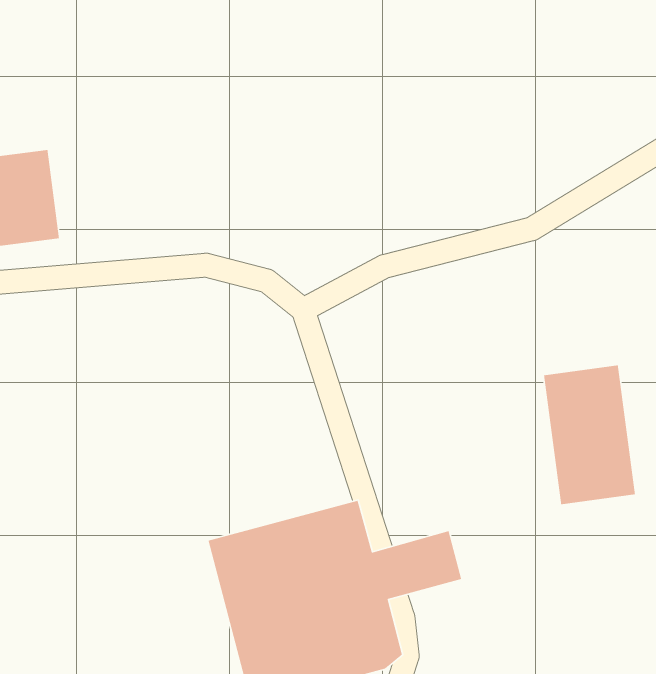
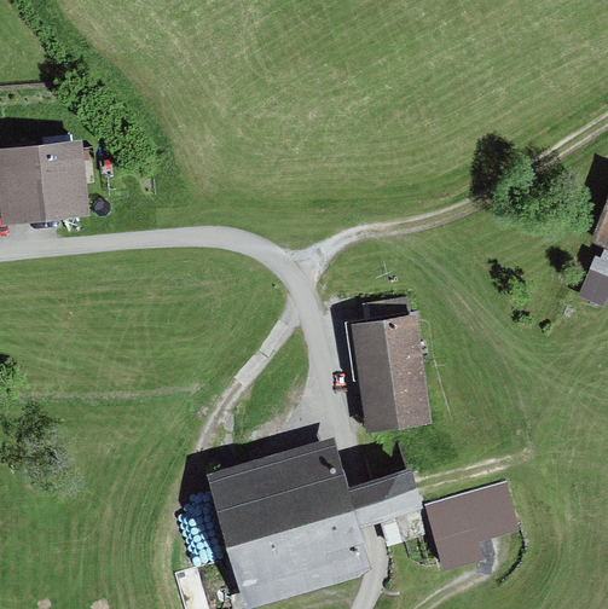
building: [543,365,636,505] -> [352,313,429,430]
building: none -> [427,486,527,570]

